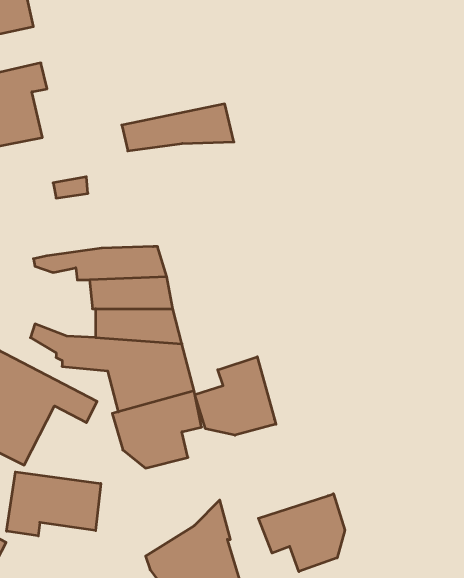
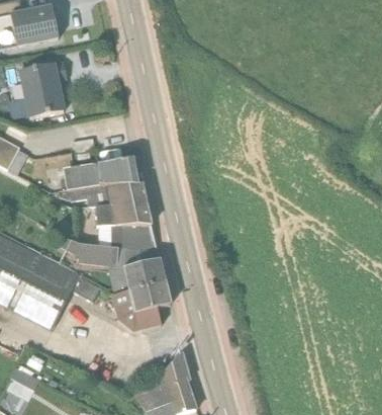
building: [122,104,234,151] -> [63,157,137,188]
building: [195,357,276,435] -> none
building: [7,472,101,536] -> none
building: [258,494,345,572] -> none

